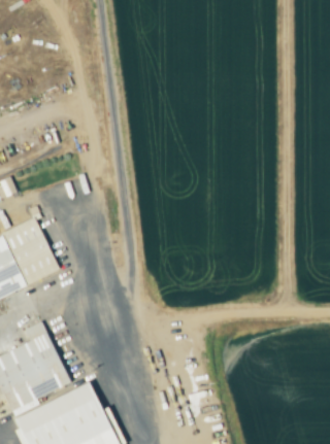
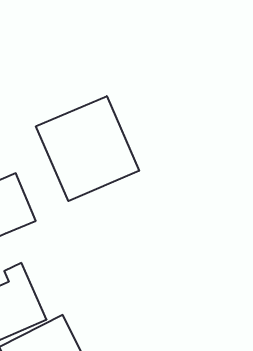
building: none -> [36,96,139,201]

